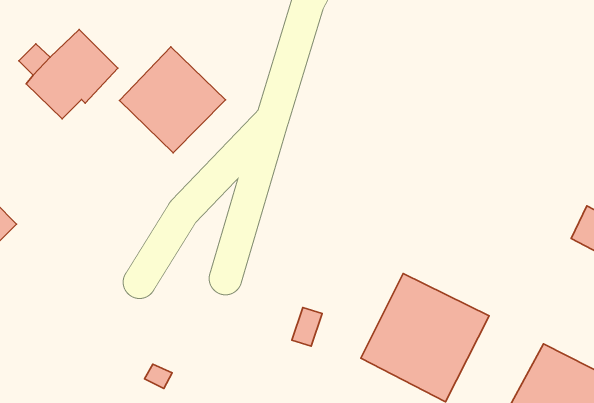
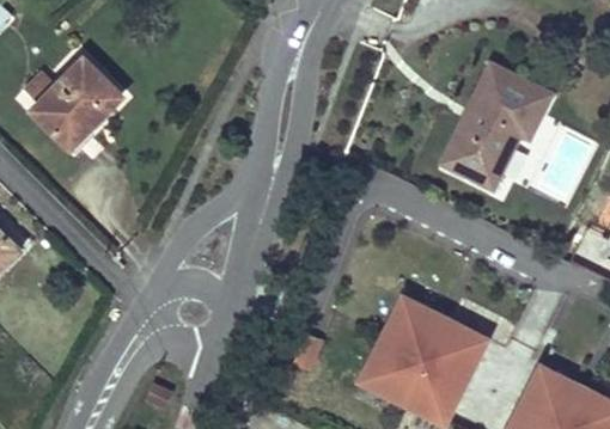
building: none -> [446,65,549,186]
building: [120,47,226,153] -> none

